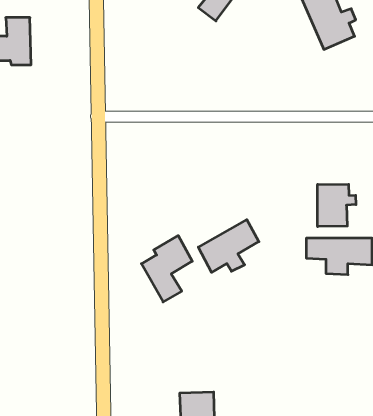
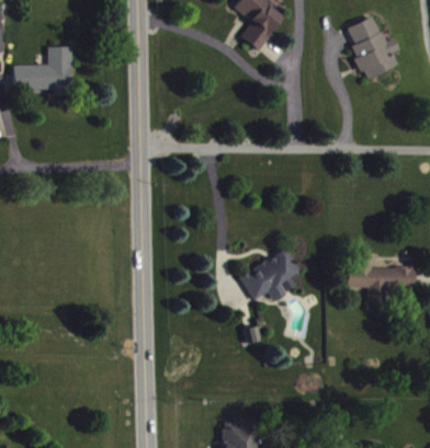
building: [318,184,356,227] -> none
building: [141,236,192,302] -> none

